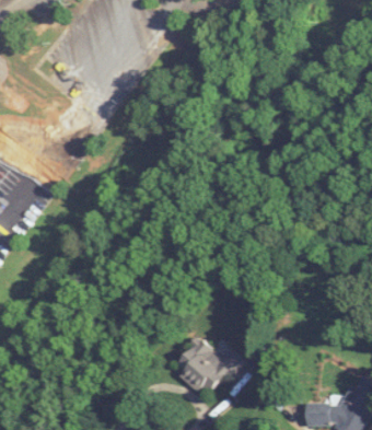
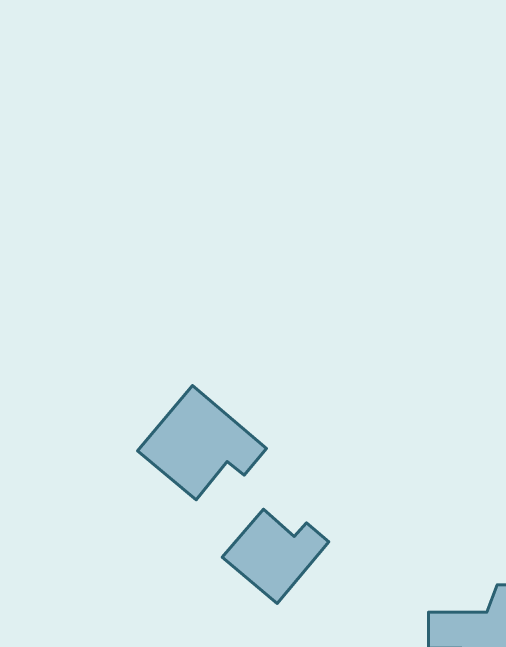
building: none -> [137,385,267,500]

